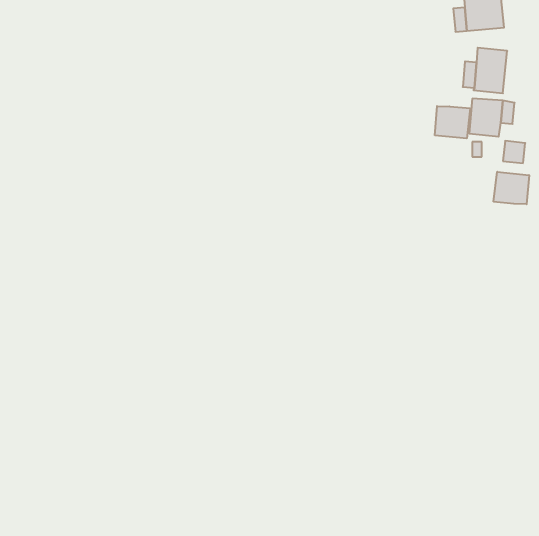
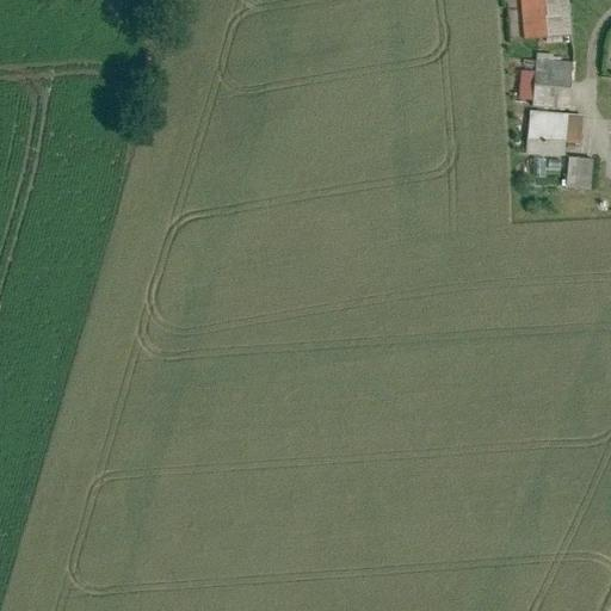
building: [435,106,470,138] -> none
building: [494,172,529,204] -> none

